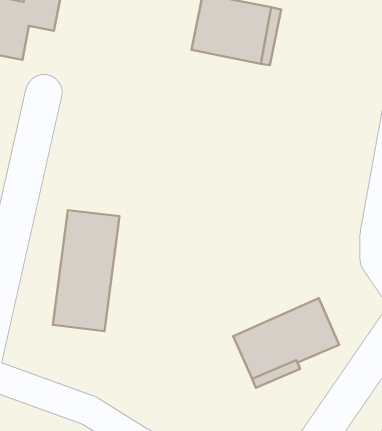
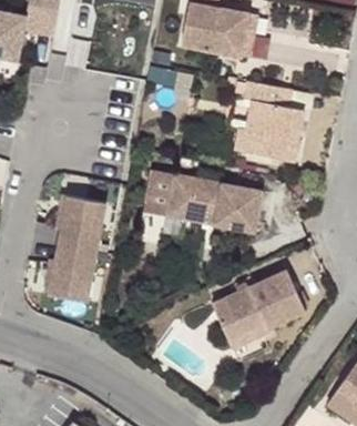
building: none -> [233,82,304,163]
building: none -> [140,170,259,234]

